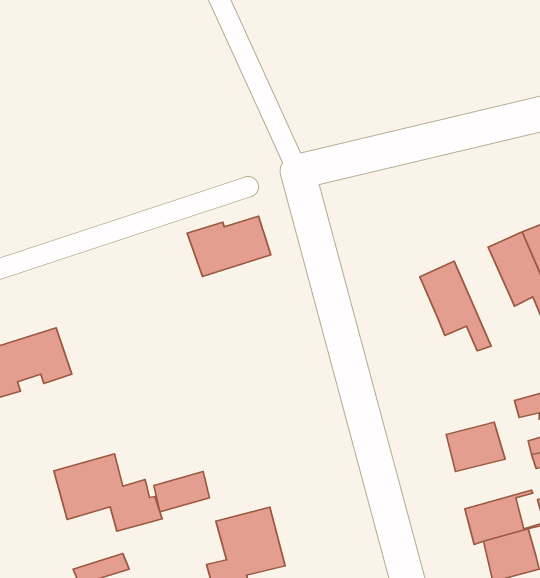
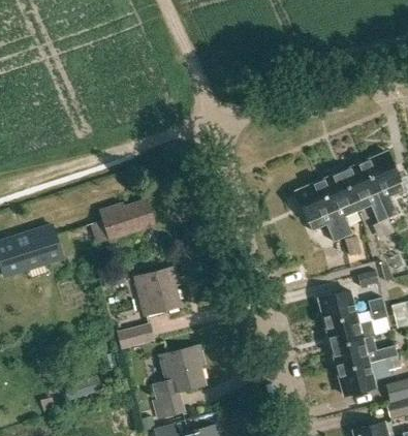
building: [187,216,271,276] -> [100,199,156,240]
building: none -> [319,173,359,239]
building: none -> [135,268,182,316]
building: [54,454,162,531] -> none
building: none -> [320,314,371,347]

